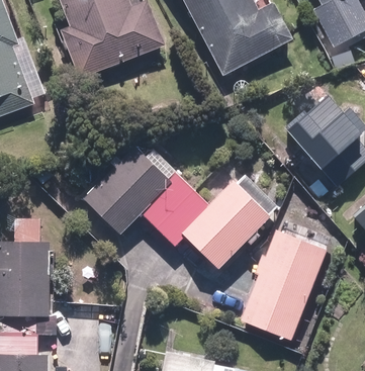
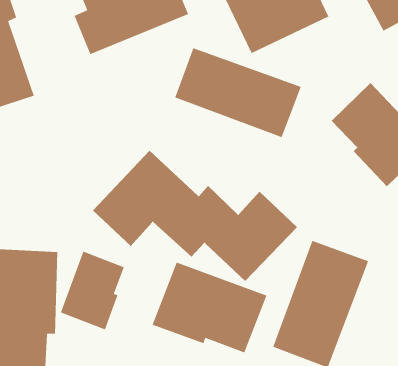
building: none -> [174,47,302,138]
building: none -> [60,251,125,331]
building: none -> [152,261,267,354]

